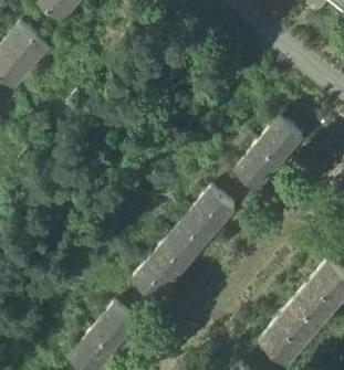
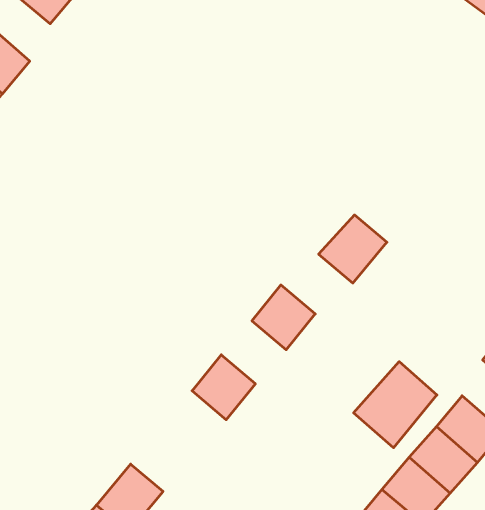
building: [259,117,303,161] -> none
building: [173,212,215,253] -> none
building: none -> [354,362,437,448]
building: [134,257,176,298] -> none

